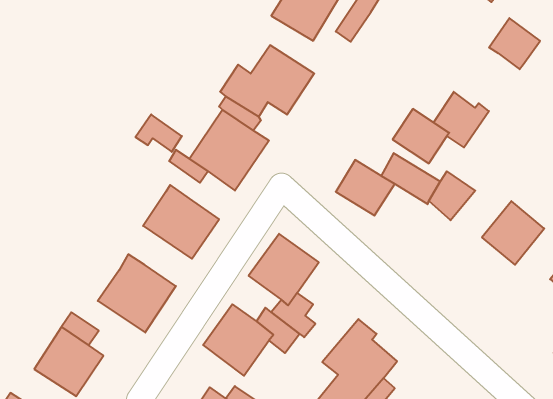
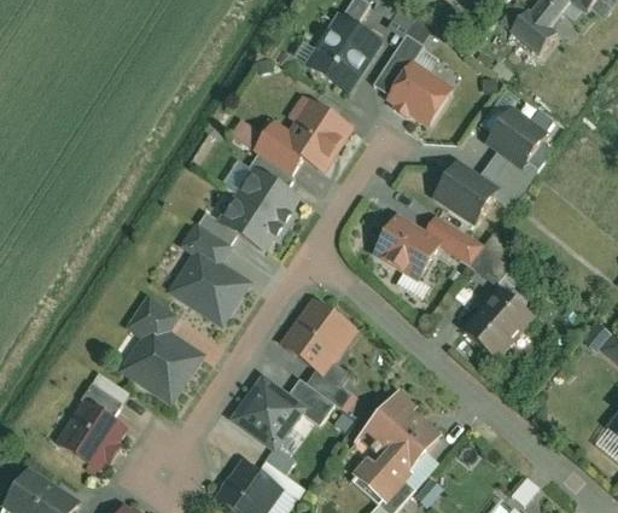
building: none -> [387,63,451,124]
building: [489,18,540,69] -> [490,110,544,164]
building: [135,114,182,152] -> [180,221,229,261]
building: [482,201,544,265] -> [464,290,530,357]
building: none -> [127,293,181,337]

